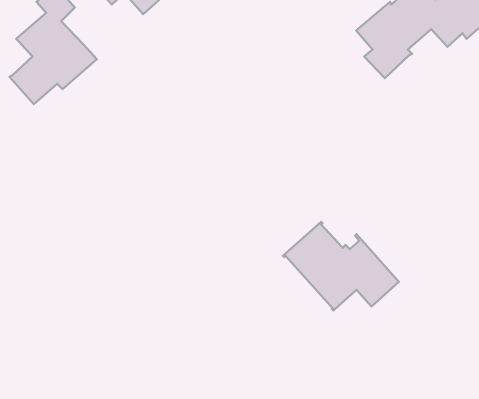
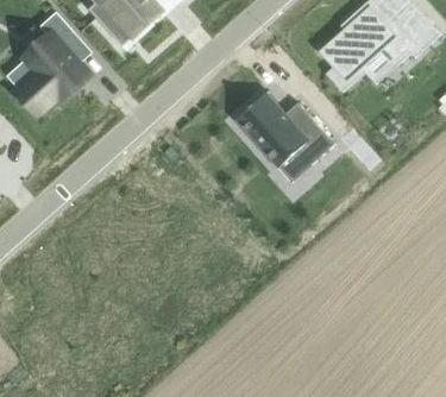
building: [283,222,399,310] -> [232,90,333,168]

